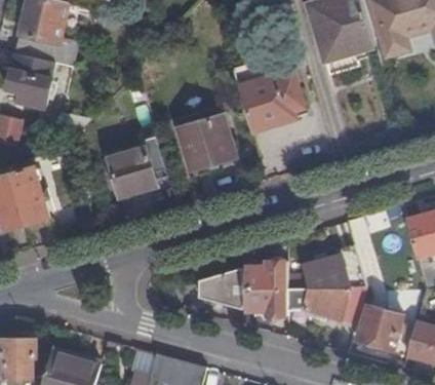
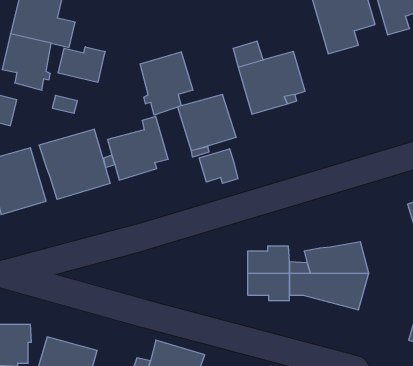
building: none -> [58,47,105,82]
building: none -> [140,52,193,115]
building: none -> [39,129,110,199]
building: none -> [199,149,238,183]
building: [199,269,242,310] -> none
building: [357,306,401,351] -> none

